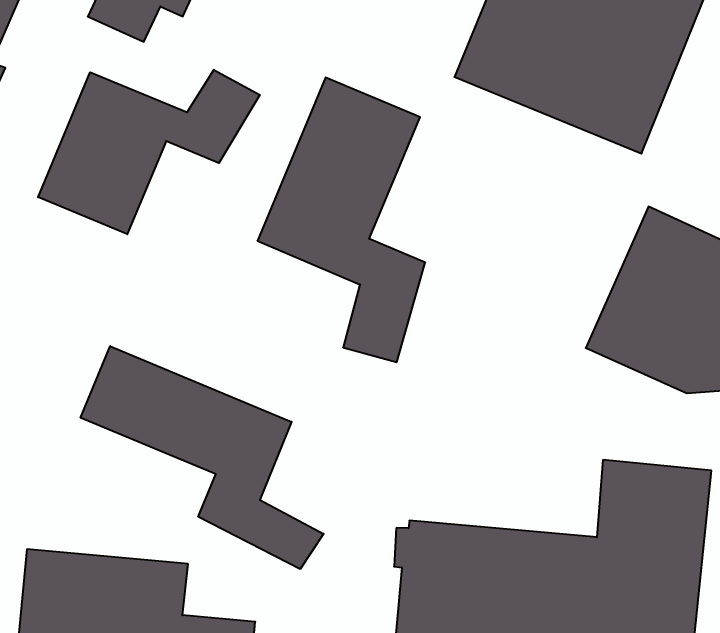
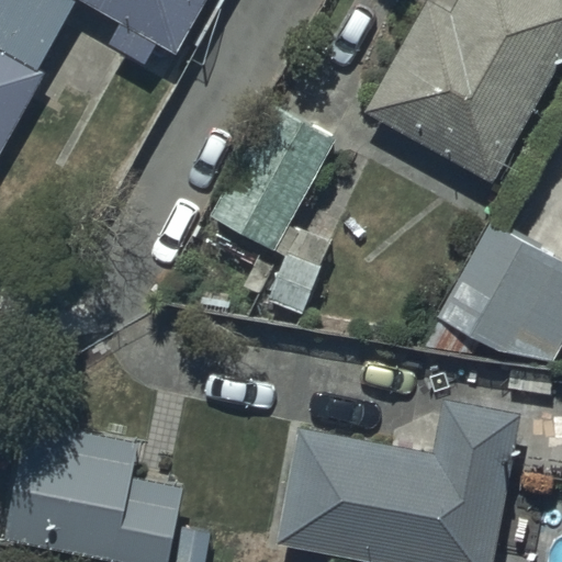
building: [38,70,260,234] -> none
building: [81,346,324,569] -> none

